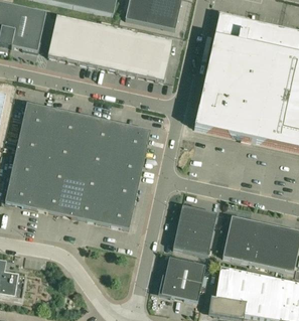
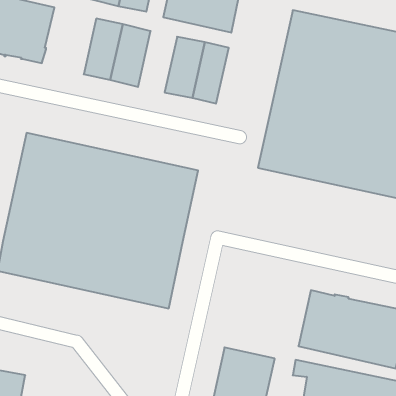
building: [47,15,77,59] -> none
building: [107,28,135,72] -> none
building: [172,204,216,255] -> none

